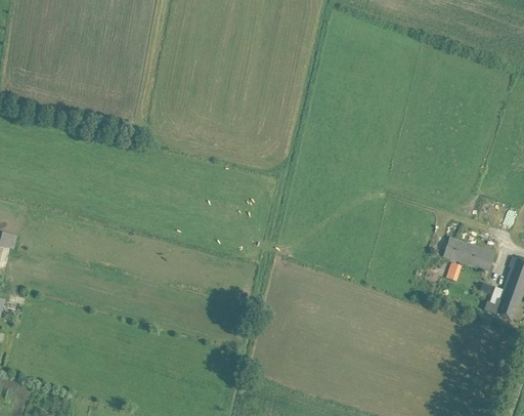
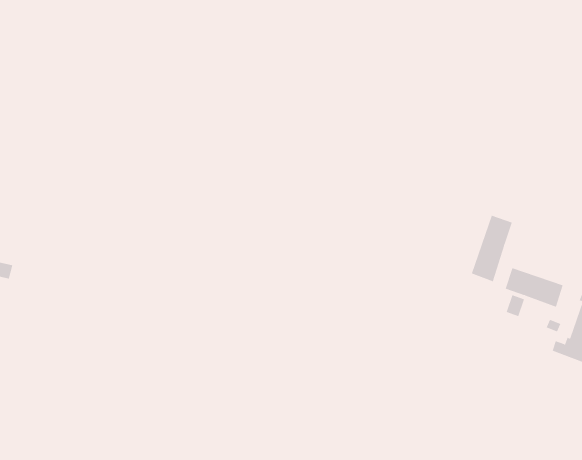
building: none -> [471,215,512,282]

